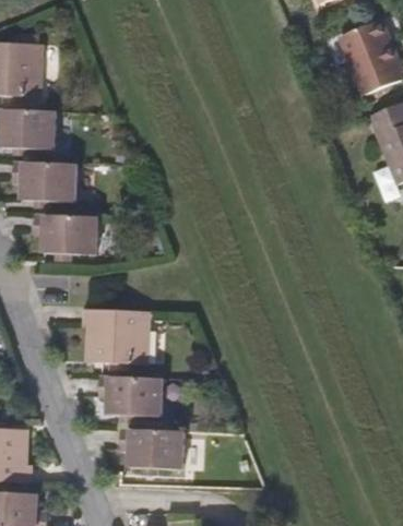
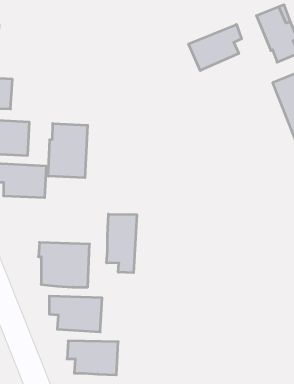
building: none -> [189,24,242,71]
building: none -> [48,123,88,178]
building: none -> [107,214,137,273]

